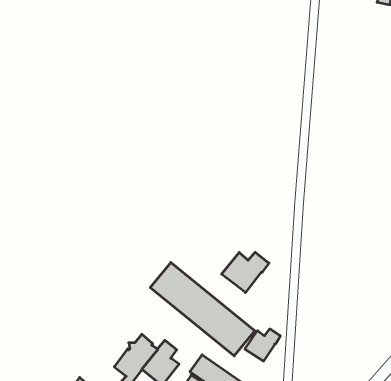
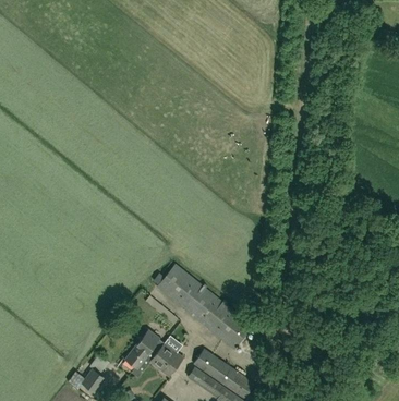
building: [222,252,269,293] -> none
building: [245,329,280,361] -> none

